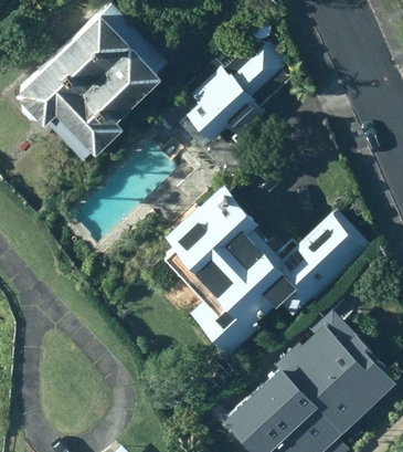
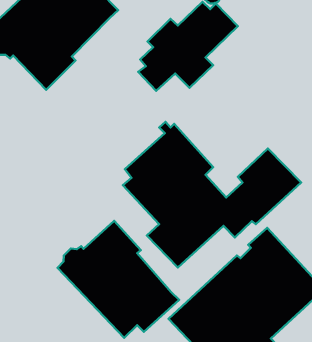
building: none -> [57,221,179,338]

